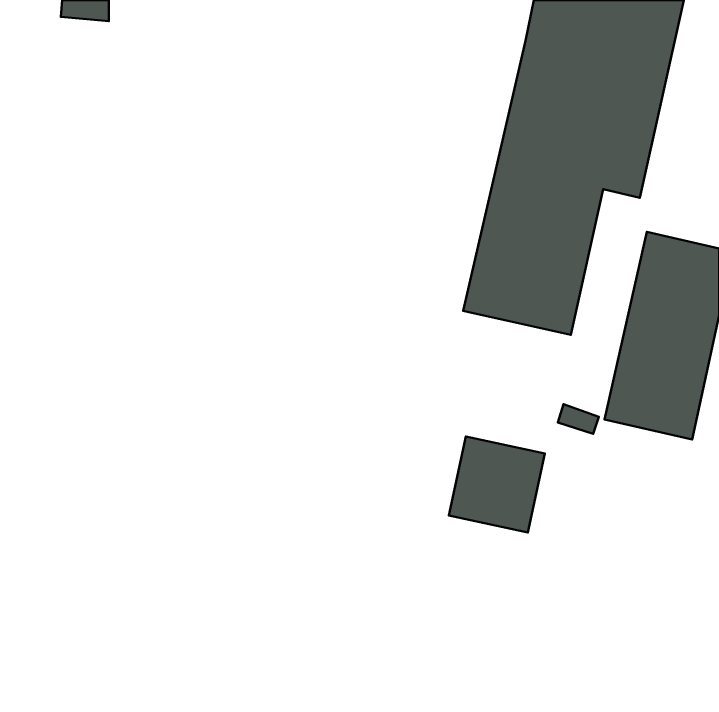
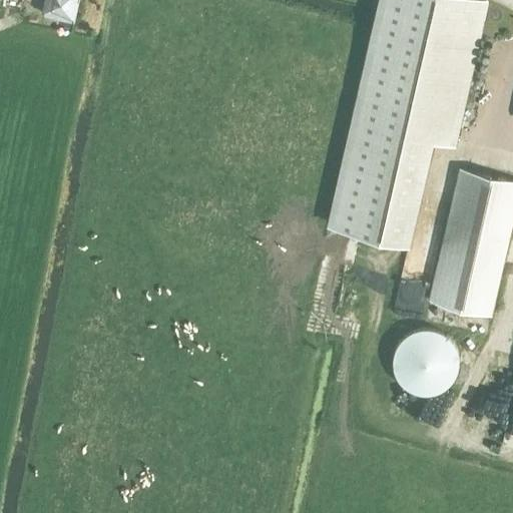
building: [449,436,545,533] -> [393,328,461,396]

